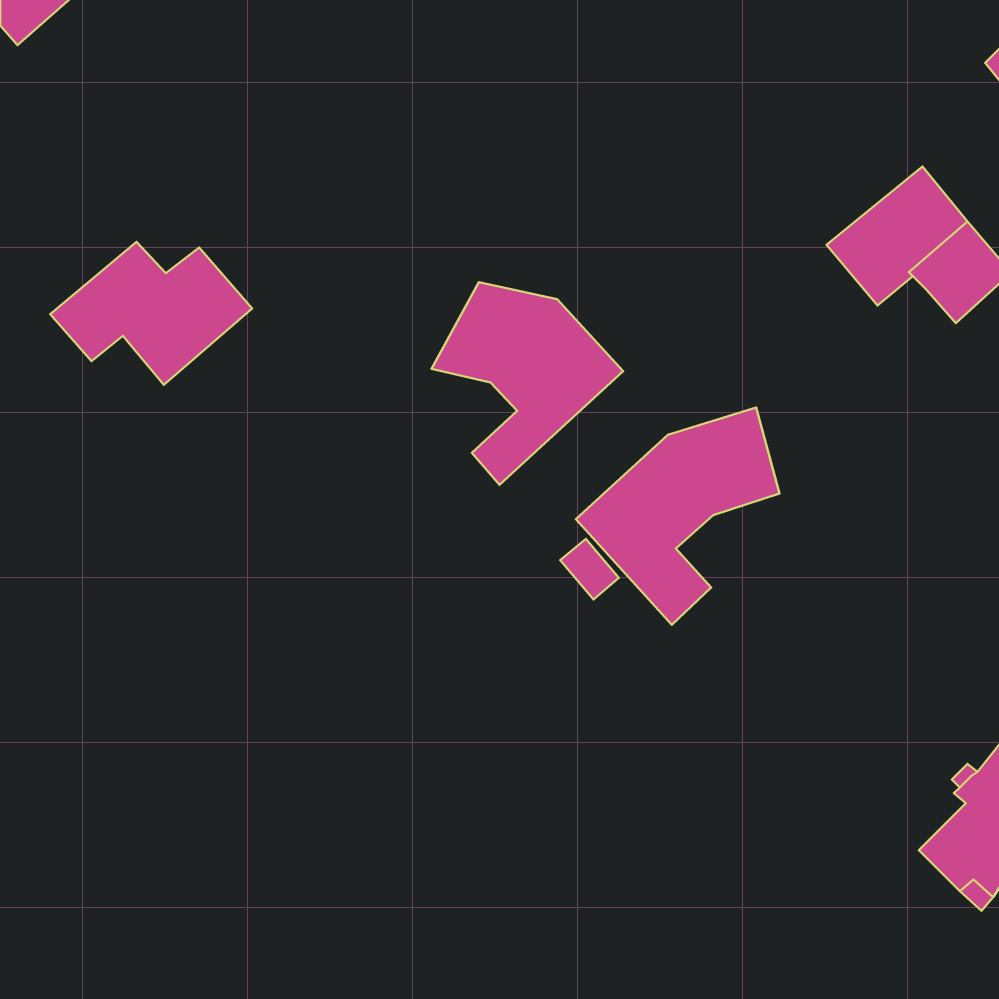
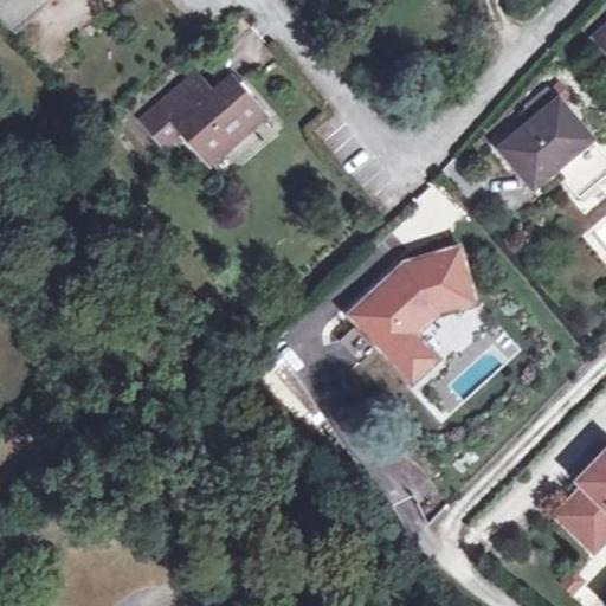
building: [50,242,252,385] -> [141,75,263,161]
building: [431,282,623,485] -> none

